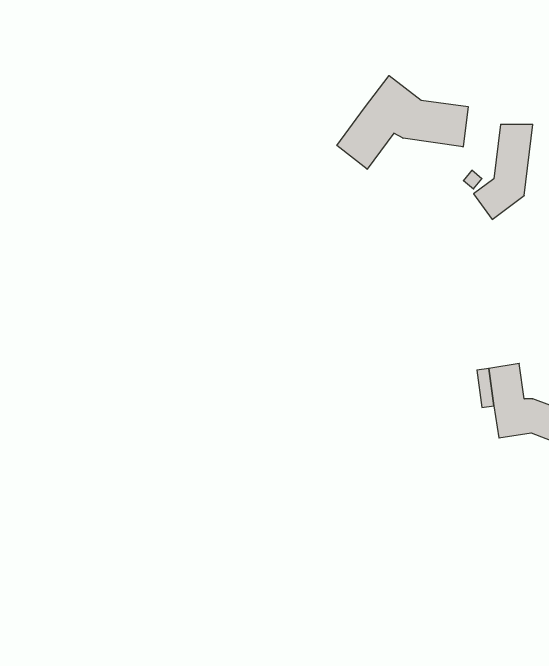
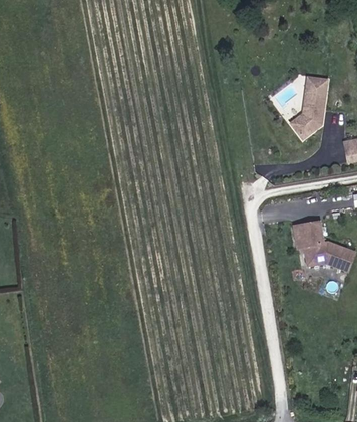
building: [337,76,468,169] -> none

